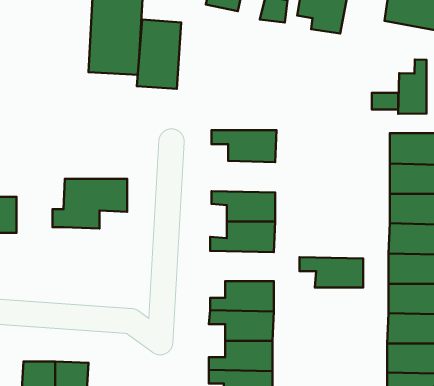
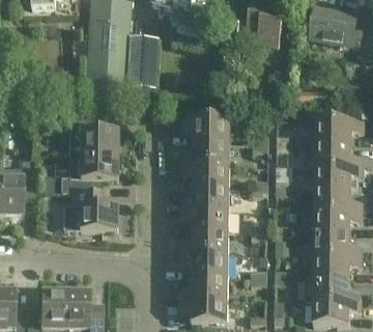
building: [398,60,427,114] -> none
building: none -> [69,115,118,154]
building: none -> [180,140,228,164]
building: none -> [69,190,117,229]
building: [300,257,363,288] -> [179,208,227,230]

